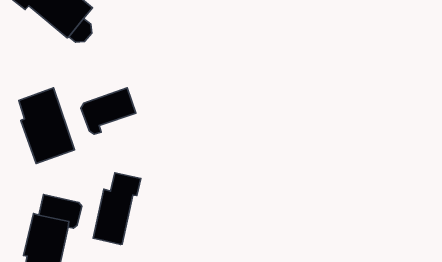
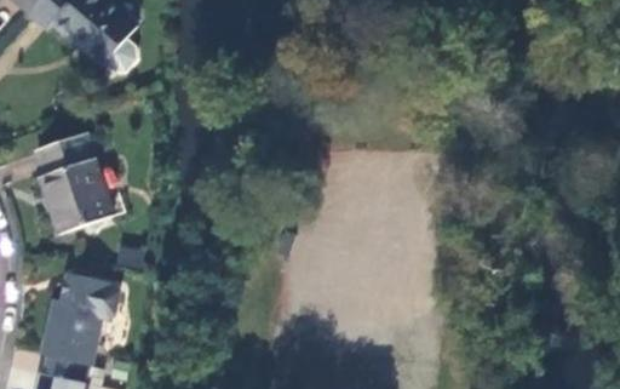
building: [81,88,136,134] -> none
building: [93,173,141,245] -> none

